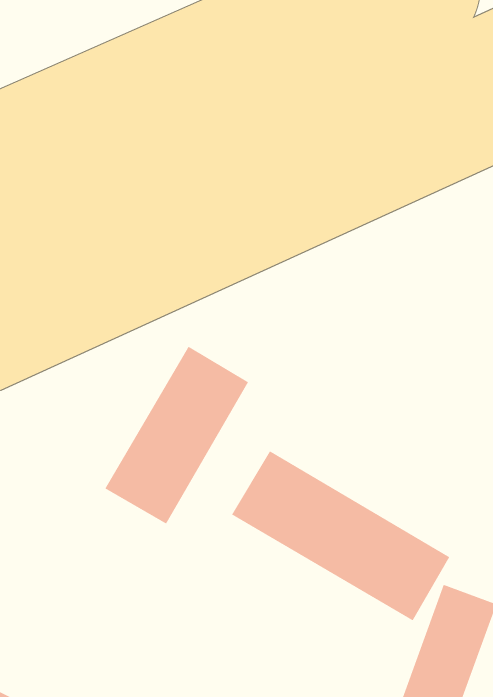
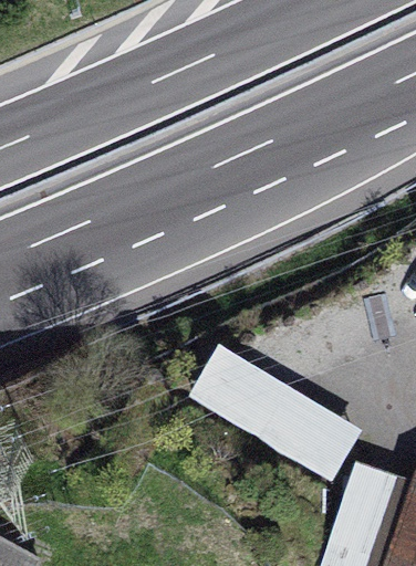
building: [104,346,249,524] -> none

